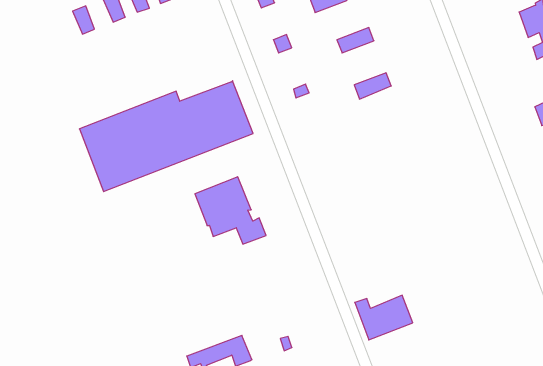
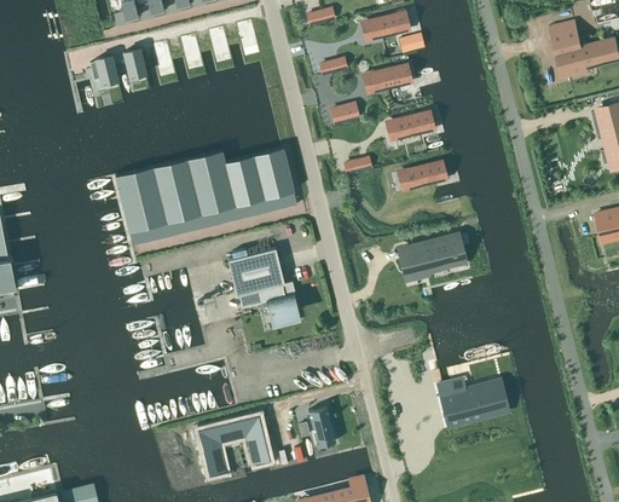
building: none -> [89,56,117,87]
building: none -> [398,236,462,271]
building: [355,295,413,340] -> [442,380,501,423]
building: none -> [307,406,335,446]

